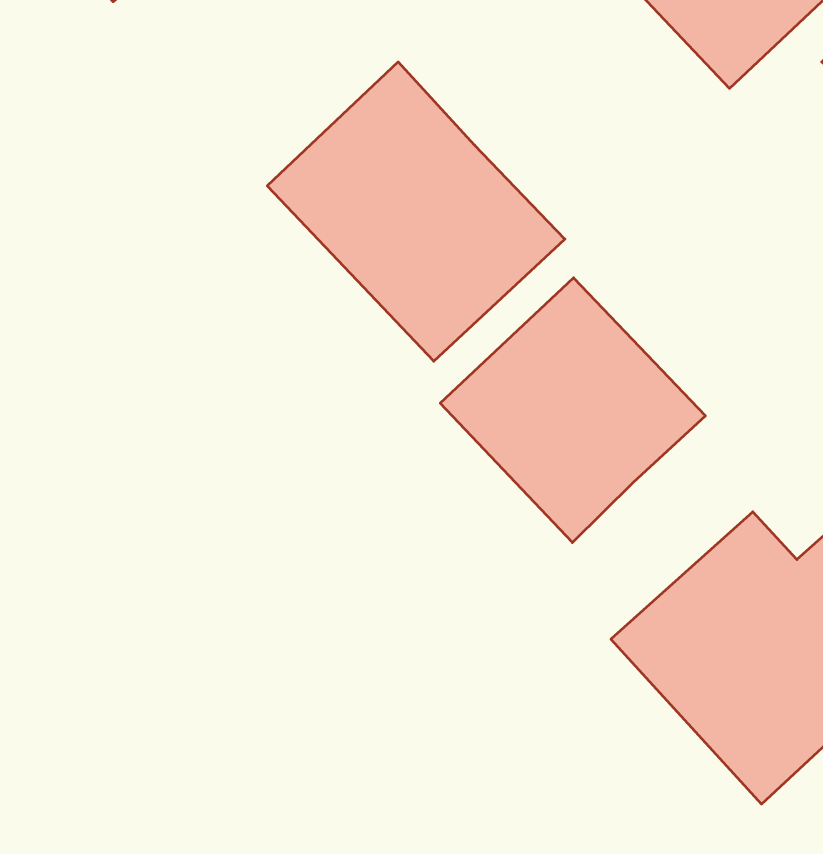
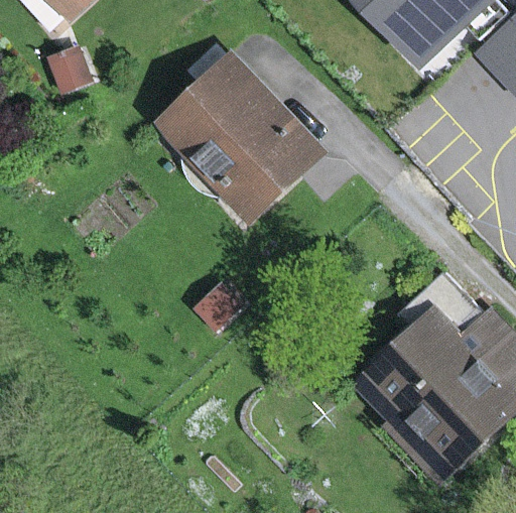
building: [440,278,705,543] -> none

